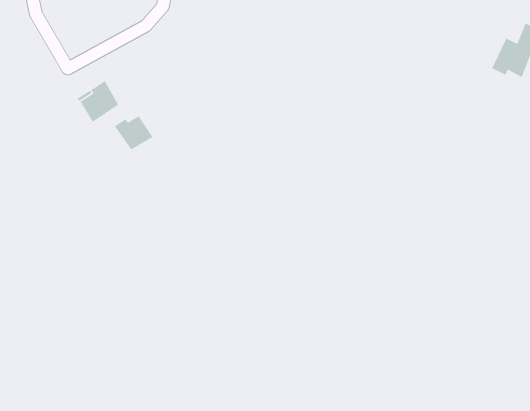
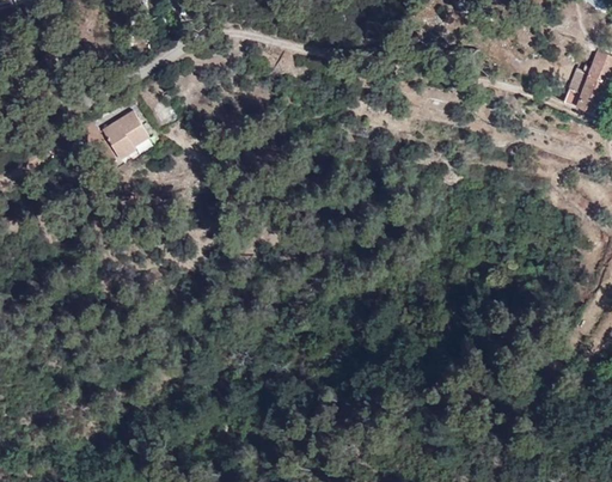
building: [114,115,153,150] -> none

